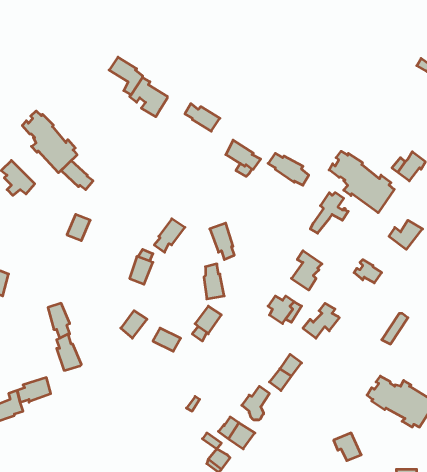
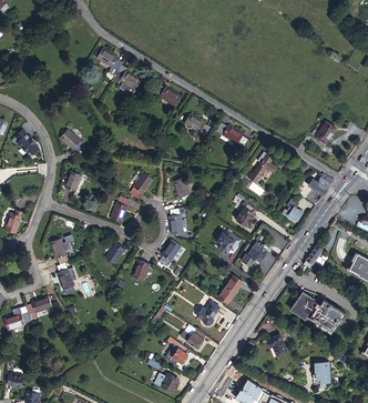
building: [22,111,77,173] -> none
building: [329,151,394,213] -> none

